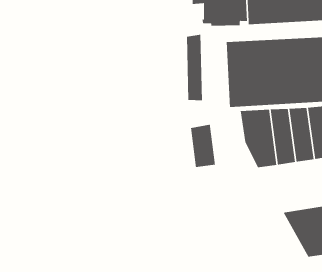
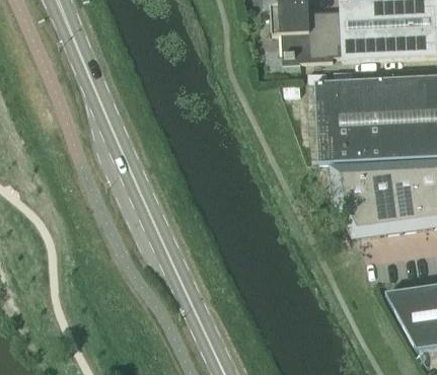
building: [186,34,203,101] -> none
building: [191,124,215,168] -> none

